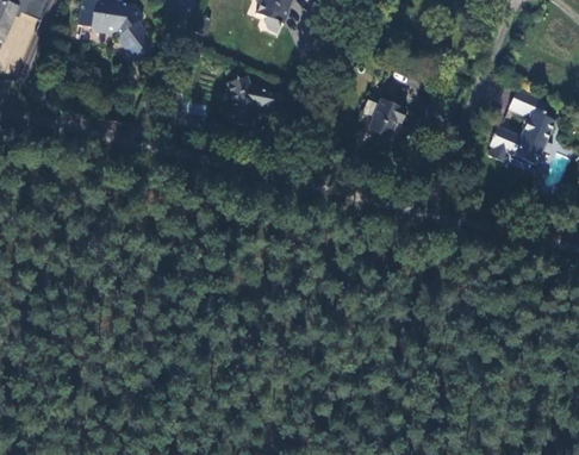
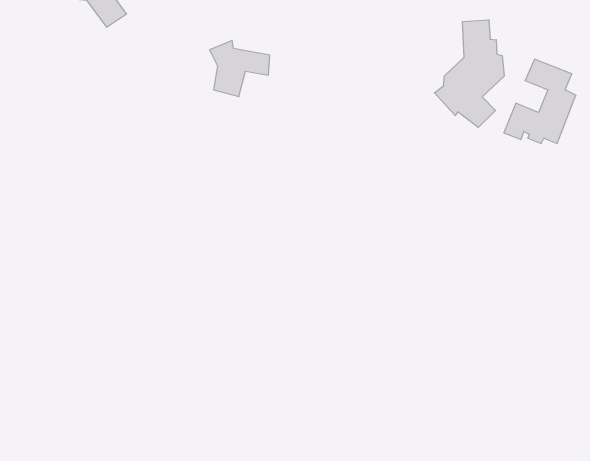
building: none -> [434,20,504,128]
building: [369,102,405,143] -> none

